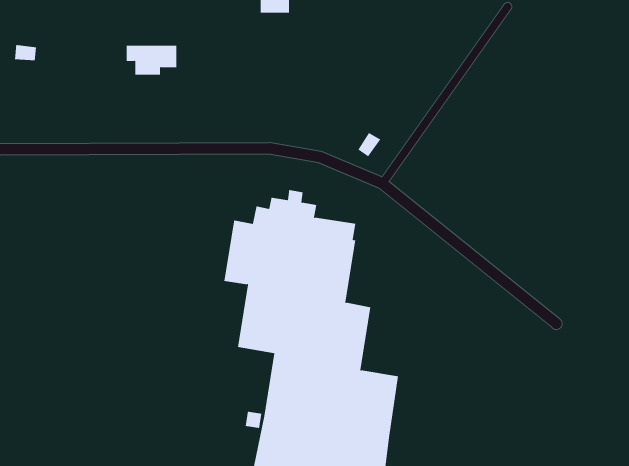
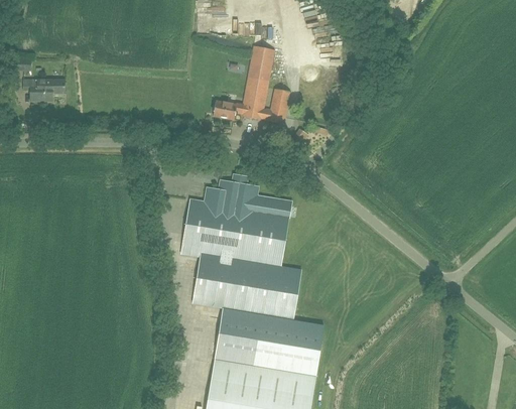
building: none -> [213,46,290,125]
building: [126,45,177,75] -> [23,78,64,102]

